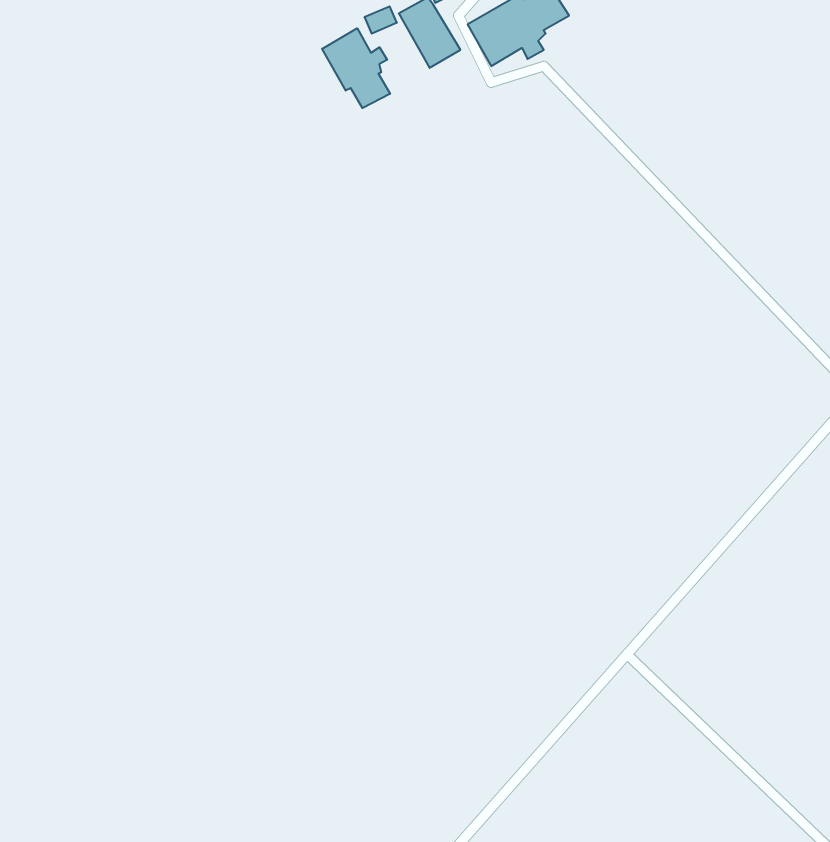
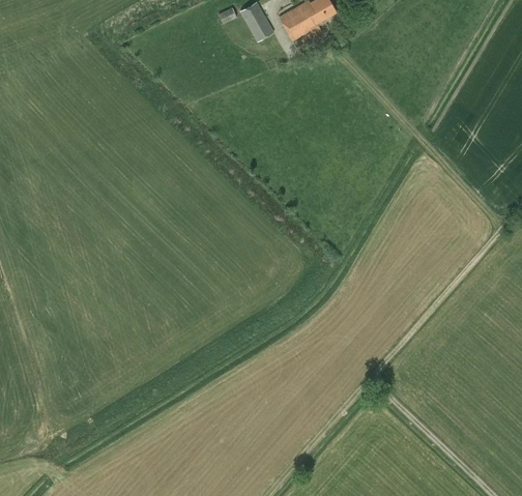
building: [322,28,390,108] -> none

